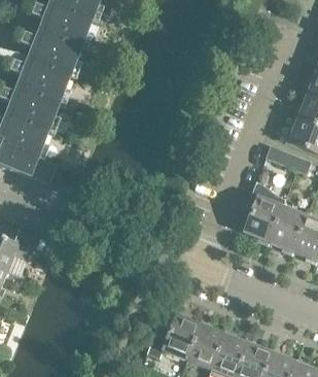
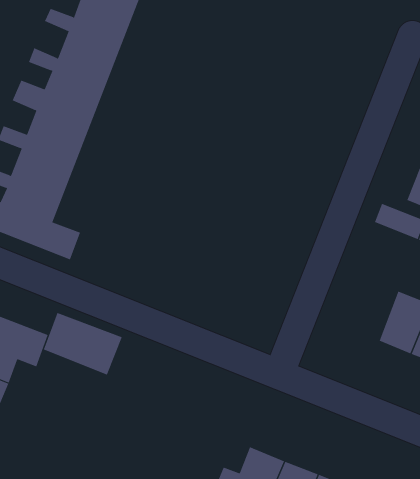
building: [243,180,285,241] -> none
building: none -> [43,312,122,376]

